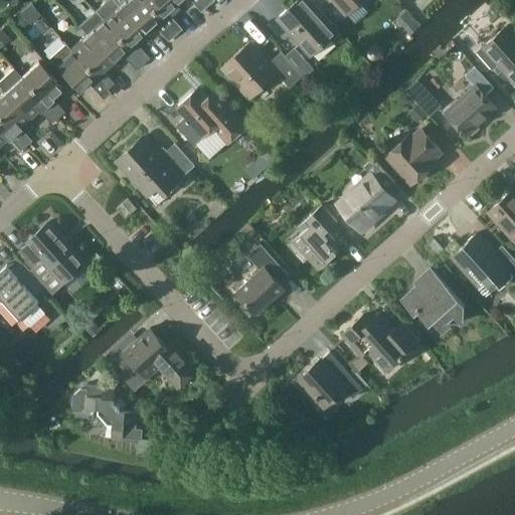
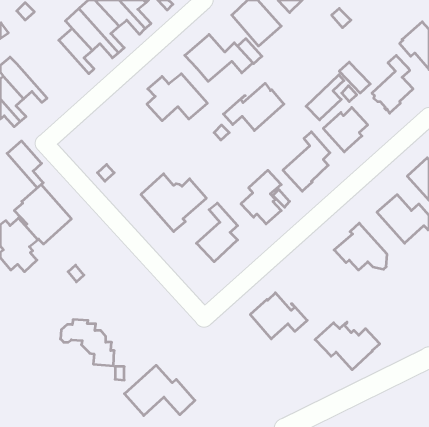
building: [45,41,110,101] -> none
building: [20,63,63,120] -> [7,141,43,188]
building: none -> [306,75,344,120]
building: none -> [223,83,284,131]
building: [117,138,195,207] -> [141,174,206,232]
building: [342,315,419,372] -> [315,322,380,370]
building: [112,330,196,390] -> [124,365,195,416]

